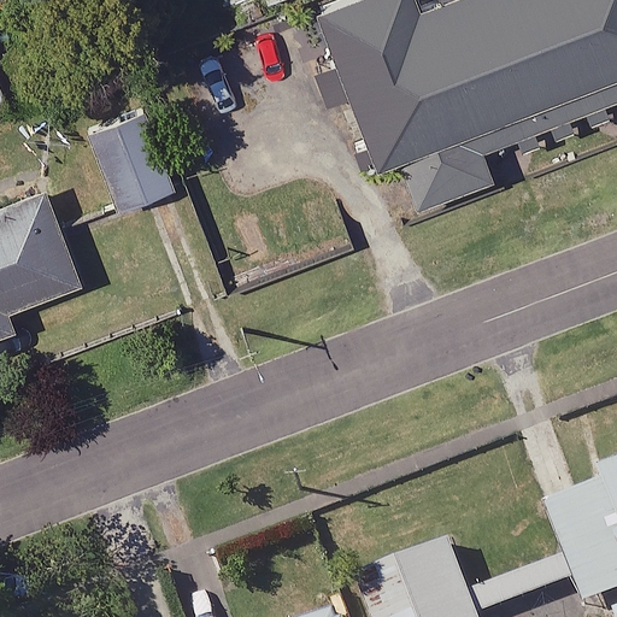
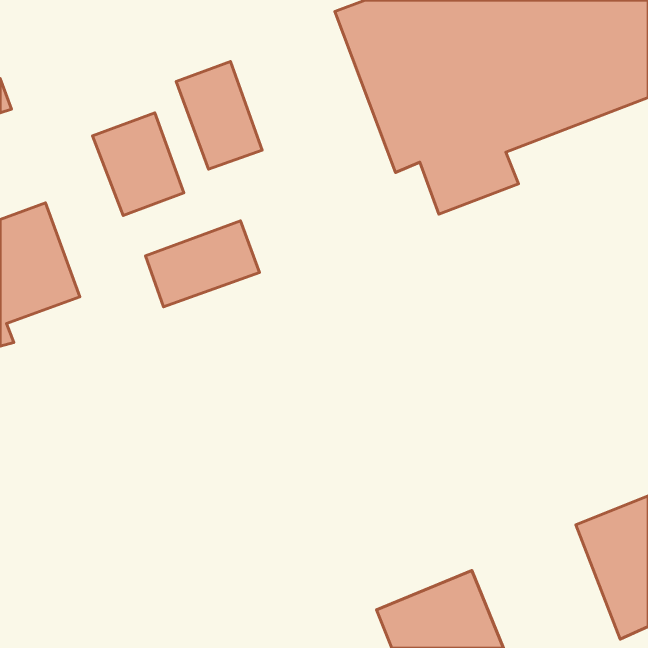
building: none -> [176,61,262,169]
building: none -> [145,221,259,307]

